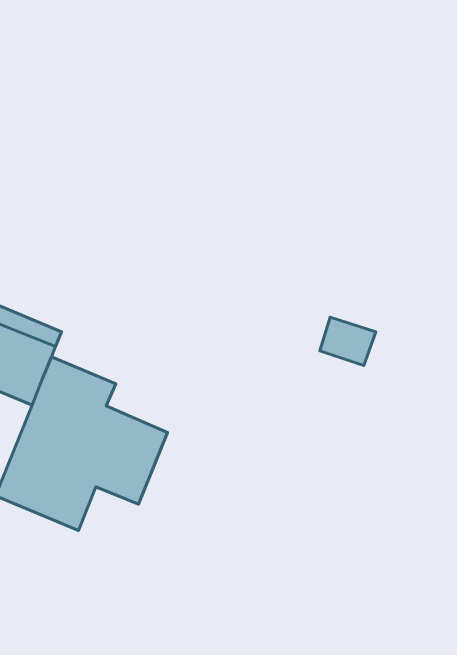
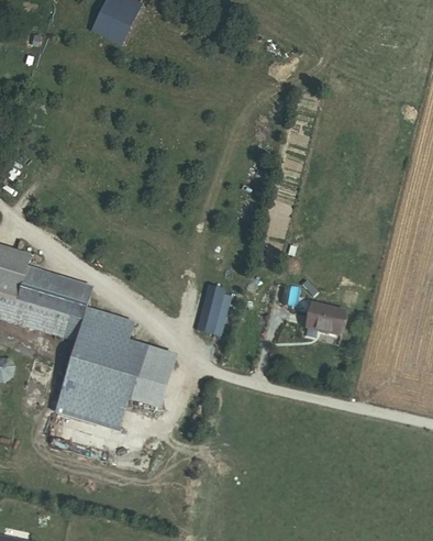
building: [320,317,376,366] -> [306,301,345,334]
building: none -> [196,284,231,334]

